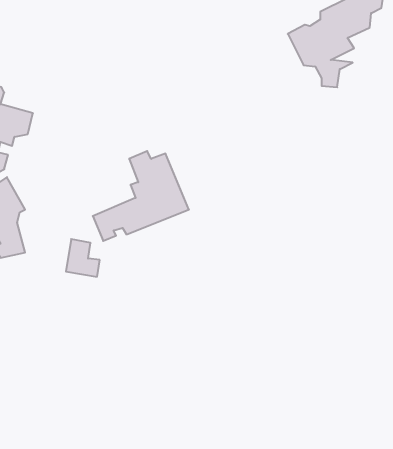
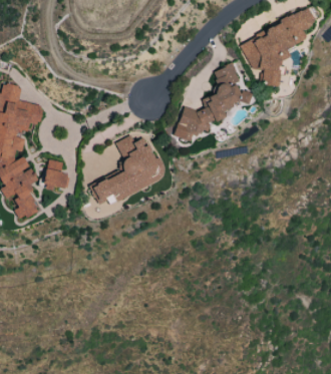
building: none -> [173,63,251,143]
building: [66,239,100,277] -> [44,159,70,189]

